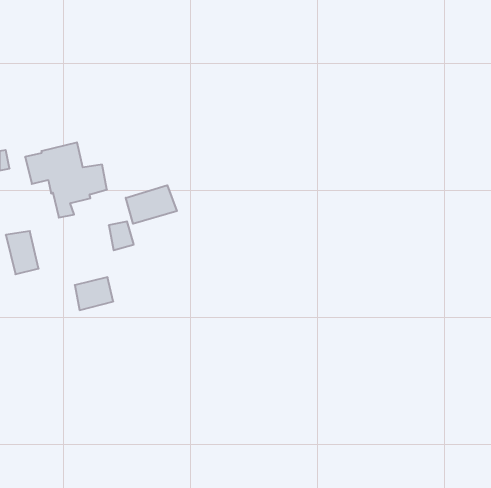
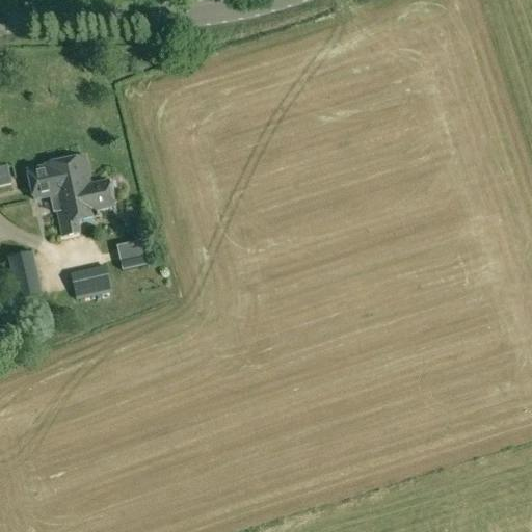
building: [126,185,177,224] -> none
building: [75,277,113,310] -> [70,263,111,298]

